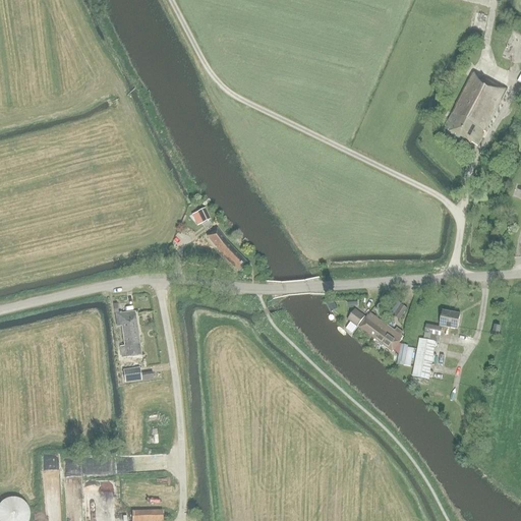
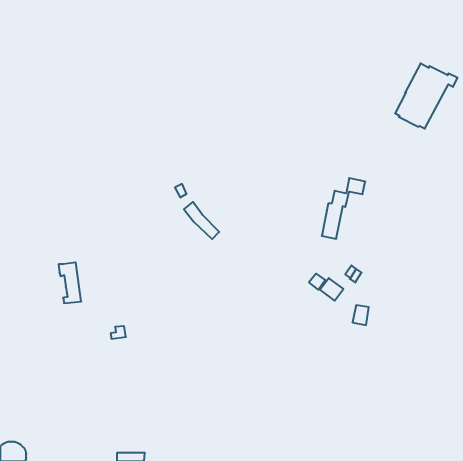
building: [412,309,461,378] -> [322,178,365,239]
building: [115,310,140,356] -> [59,262,81,303]
building: [375,325,402,353] -> none

